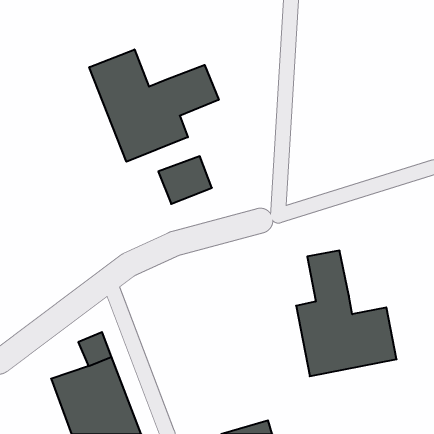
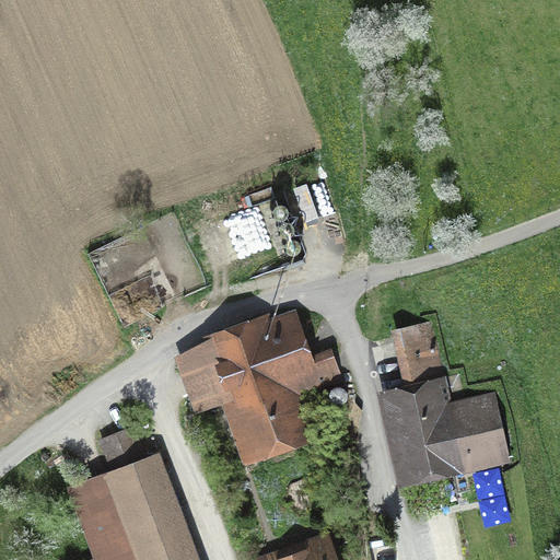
building: [89,49,219,162] -> none
building: none -> [173,312,341,465]

